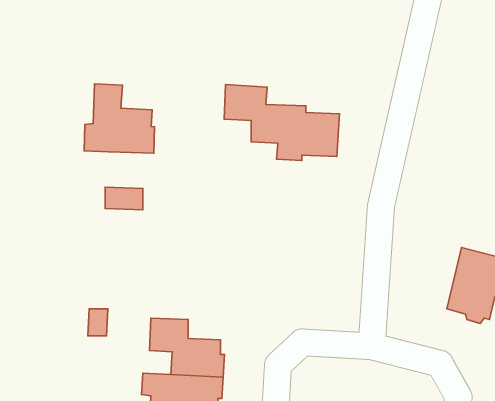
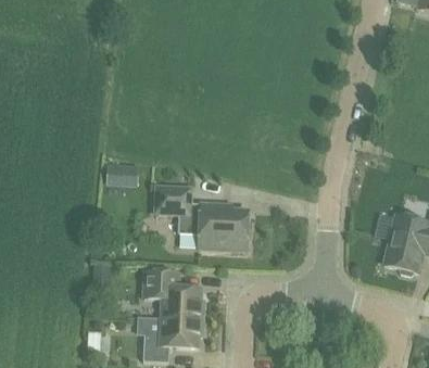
building: [84,84,154,153] -> none
building: [224,84,339,161] -> [156,186,250,248]

